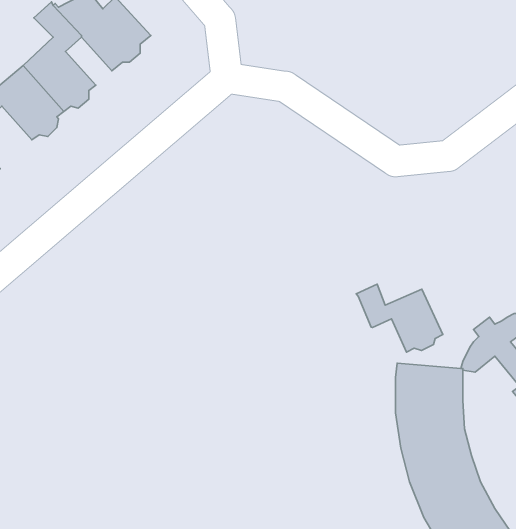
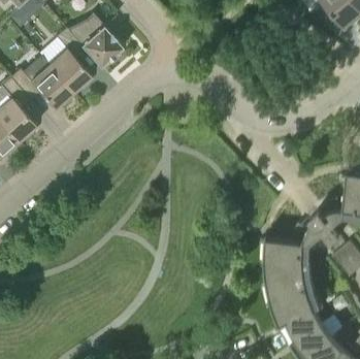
building: [356,284,443,352] -> none

